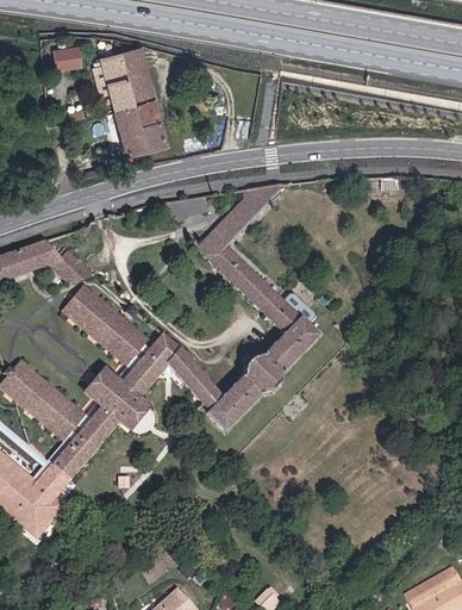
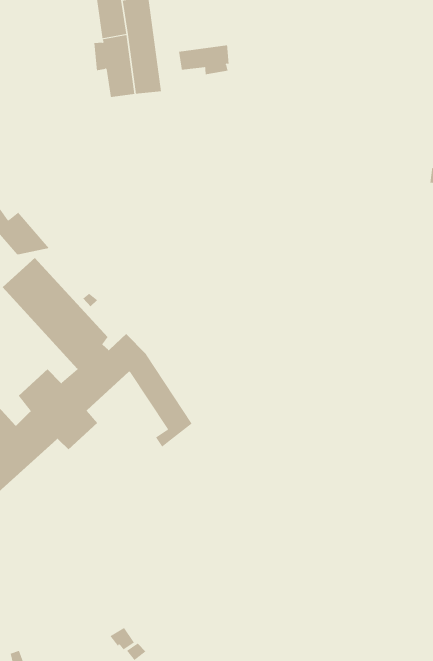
building: none -> [178,44,229,75]
building: [196,183,318,431] -> none

